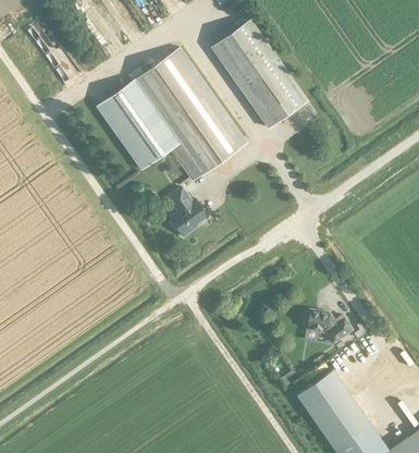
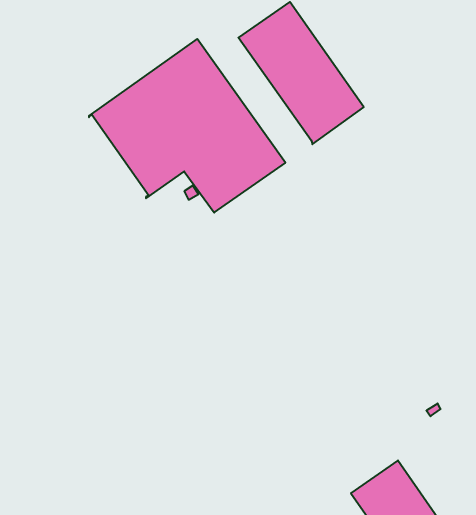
building: [168,187,207,236] -> none
building: [298,309,352,343] -> none

